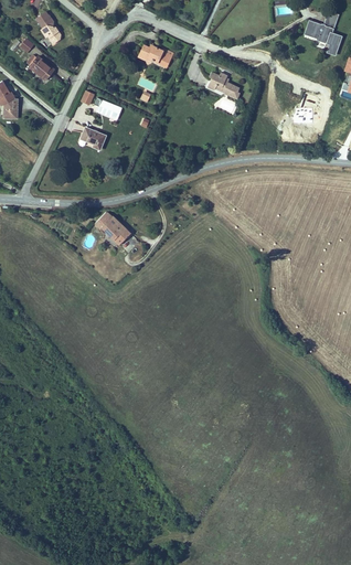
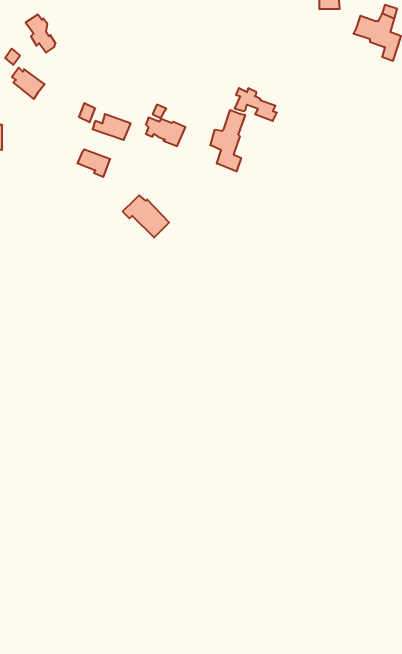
building: [141,43,173,66] -> [146,118,185,146]
building: none -> [210,110,245,171]
building: [94,210,131,244] -> [123,195,169,238]

